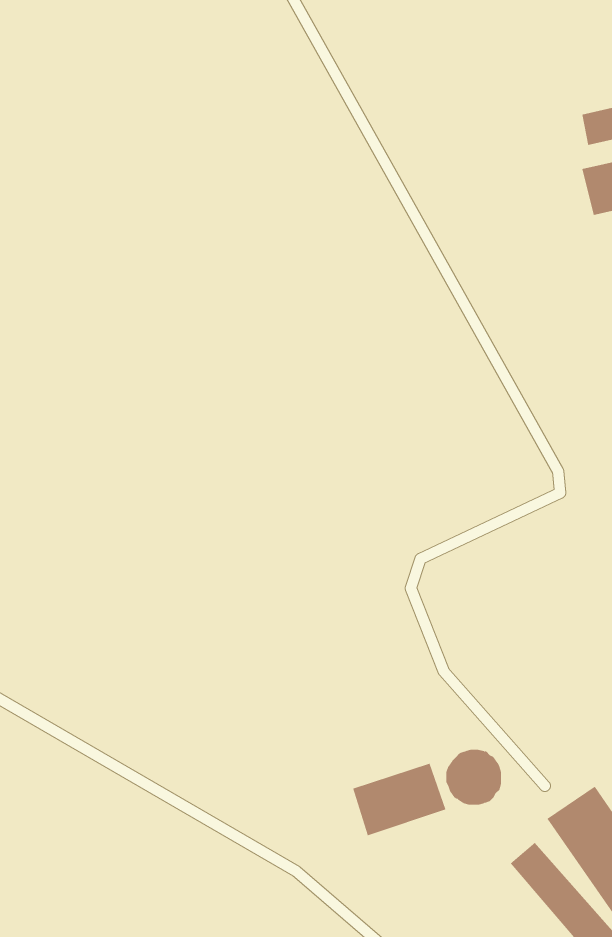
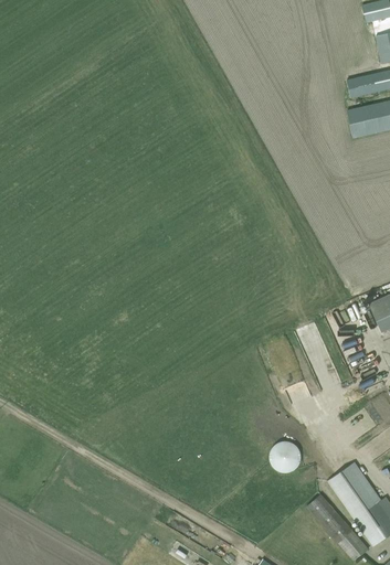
building: [353,763,446,836] -> none

